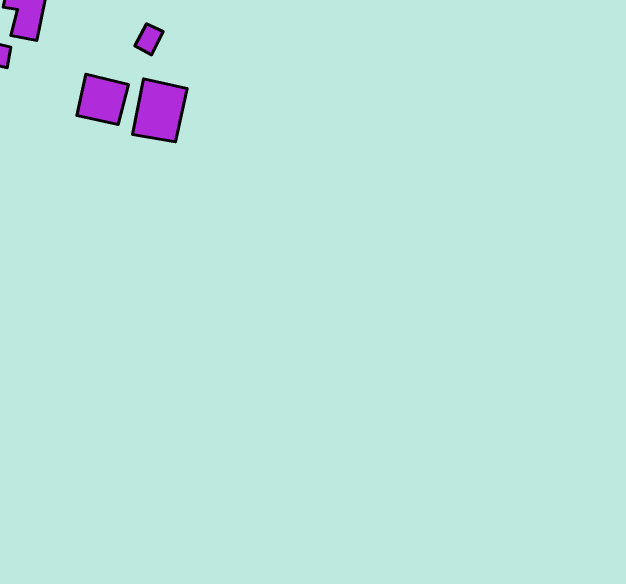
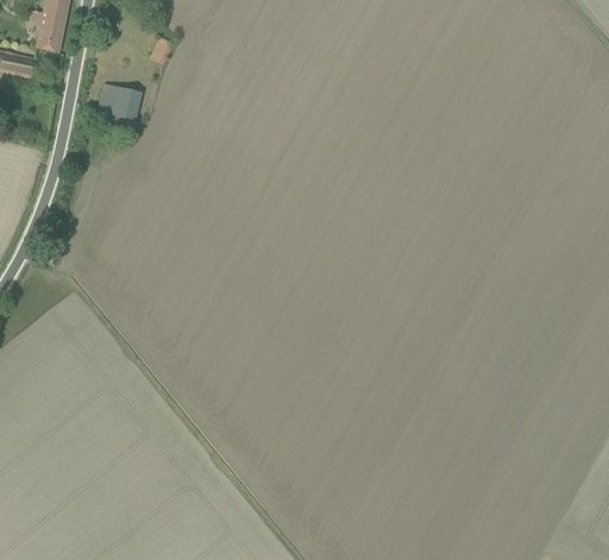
building: [133,79,187,142] -> none

